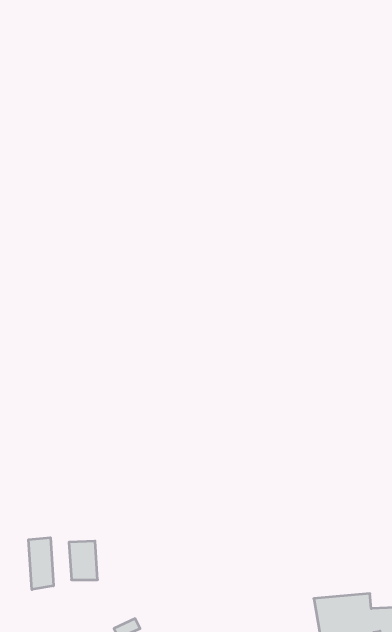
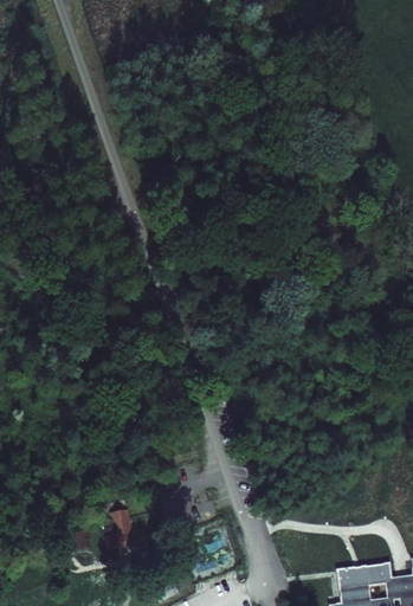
building: [29,538,53,590] -> none

